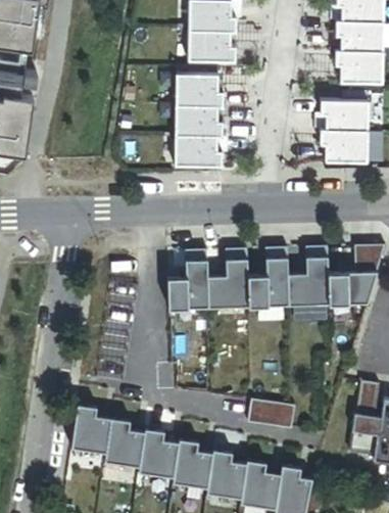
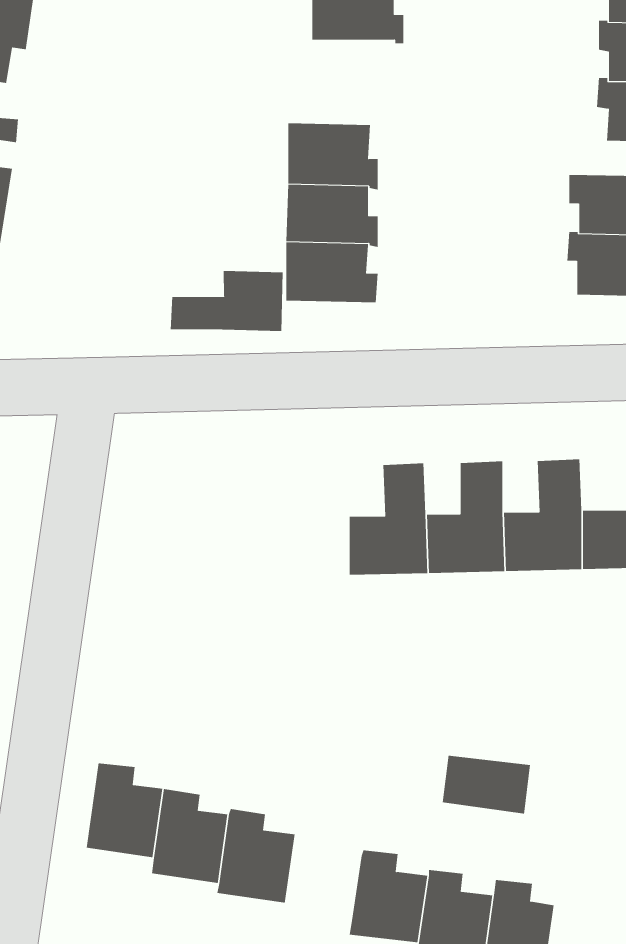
building: [187,32,235,63] -> none
building: none -> [170,270,283,332]
building: [165,251,206,310] -> none
building: [173,439,212,488] -> none

